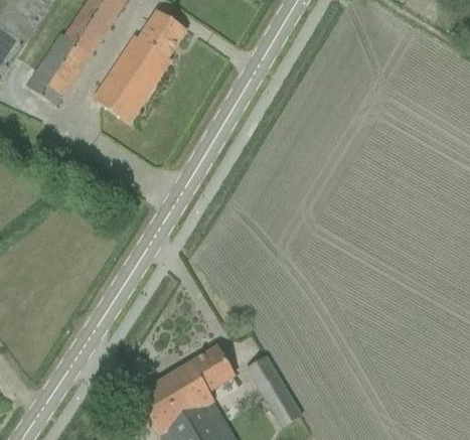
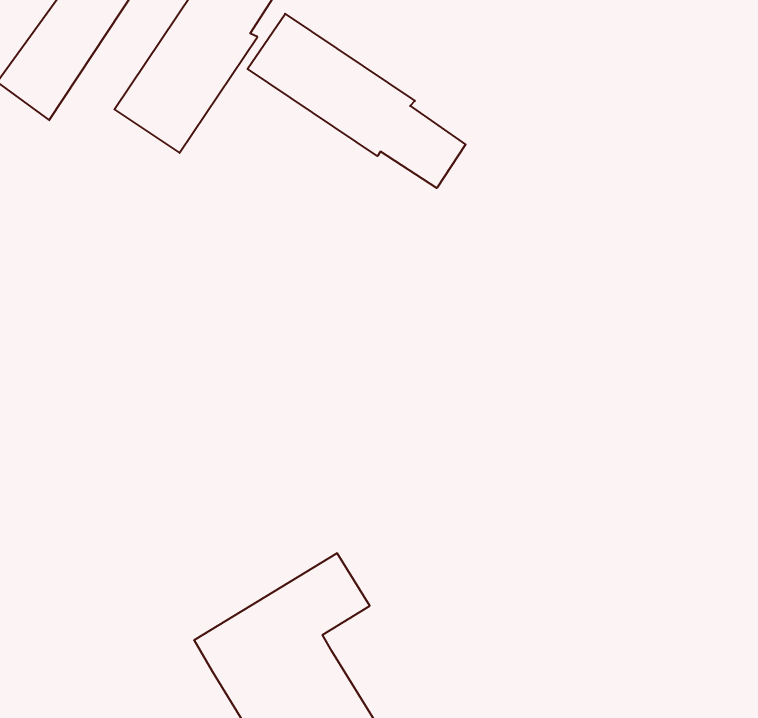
building: none -> [248,14,466,188]
building: [246,353,303,426] -> none

